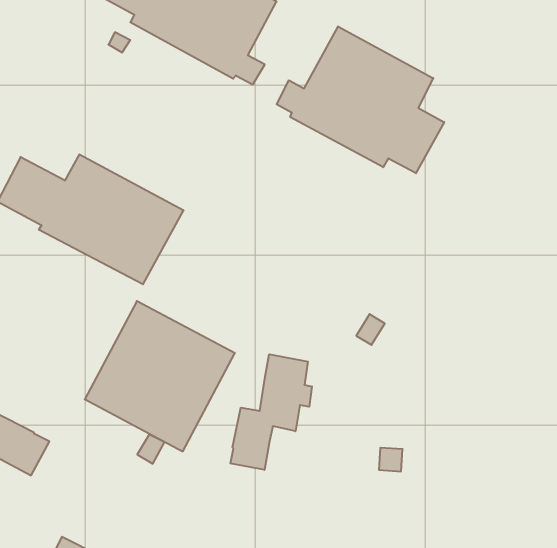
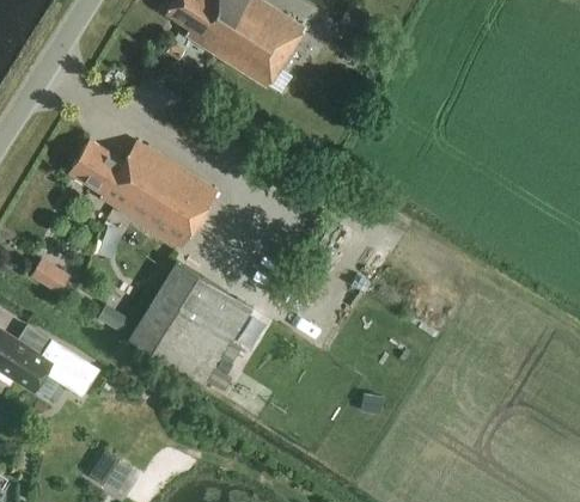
building: [277,26,444,173] -> none
building: [230,354,312,470] -> none

